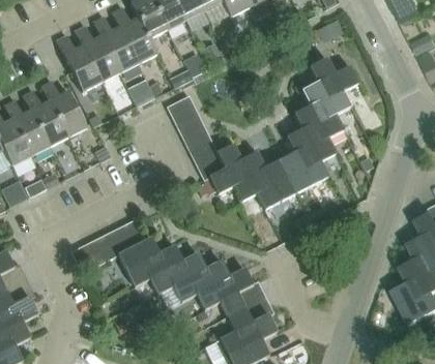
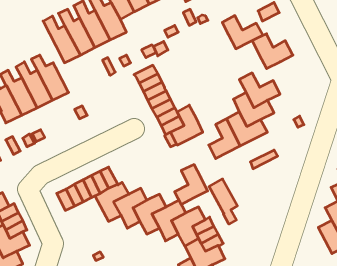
building: [302,82,352,122] -> [222,16,263,49]
building: [233,152,273,201] -> [175,165,208,204]
building: none -> [209,179,237,224]

